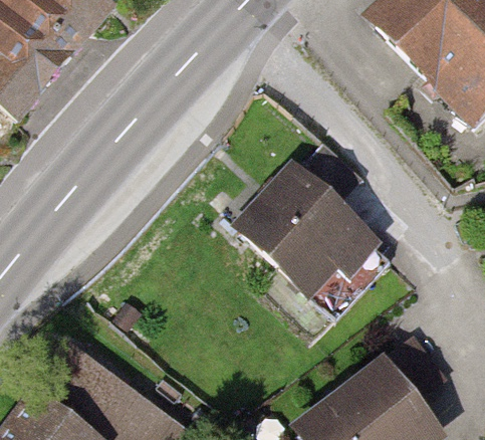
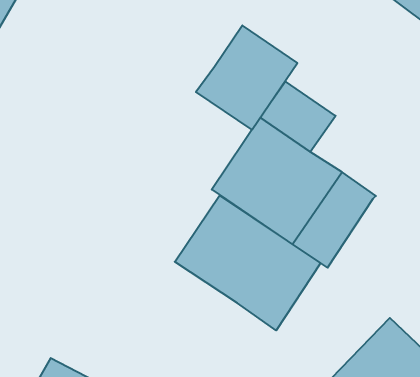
building: none -> [196,25,297,130]
building: none -> [175,196,320,330]

